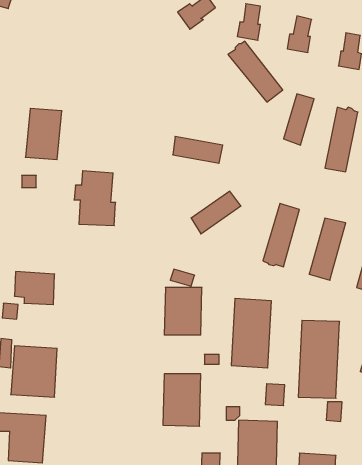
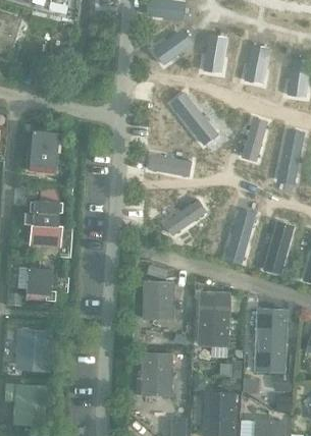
building: [228,41,283,102] -> [170,93,216,144]
building: [74,171,116,226] -> [24,200,59,246]

